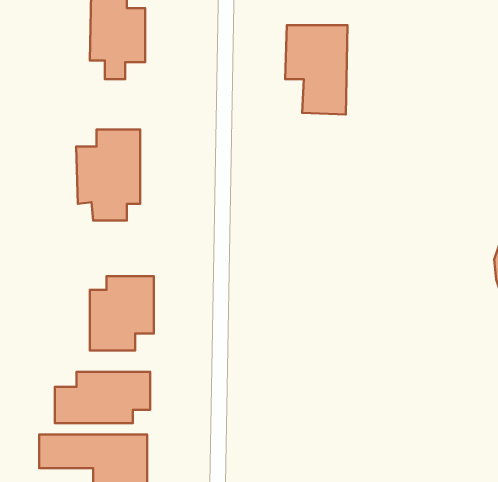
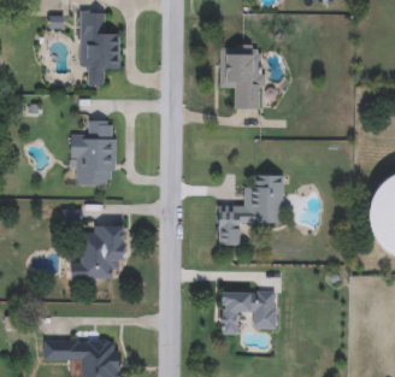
building: none -> [218,175,283,245]
building: none -> [220,289,277,335]
building: [55,372,150,423] -> none

